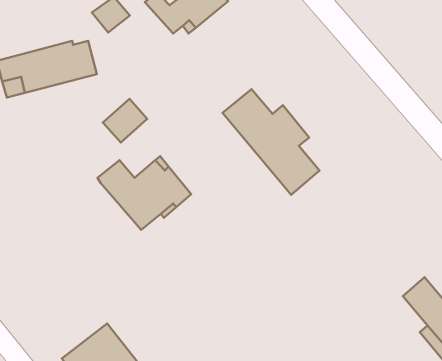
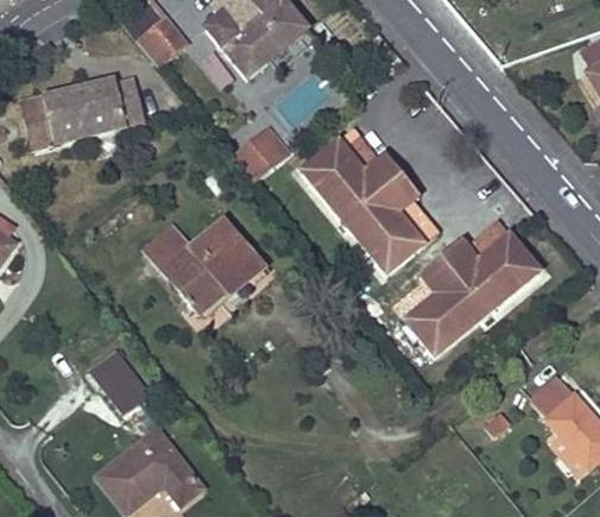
building: [103,99,147,142] -> [238,125,293,179]
building: none -> [403,233,536,357]
building: none -> [89,351,150,416]

